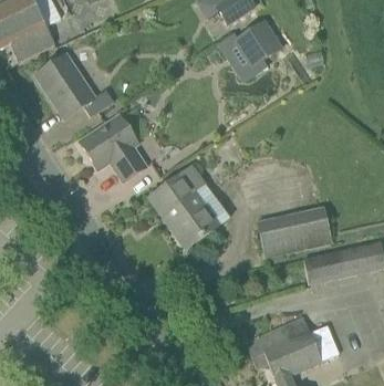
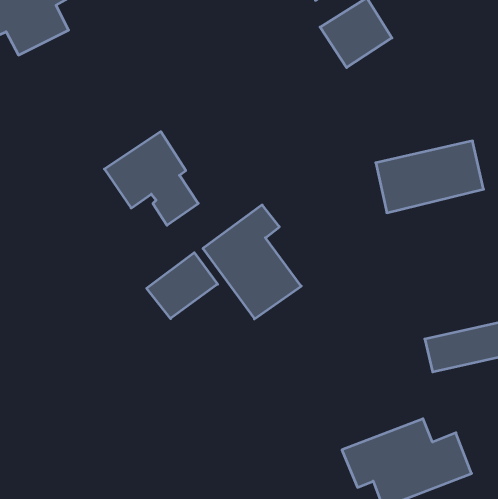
building: [35,53,114,117] -> none
building: none -> [147,253,218,319]
building: [256,206,332,257] -> [376,141,484,213]

